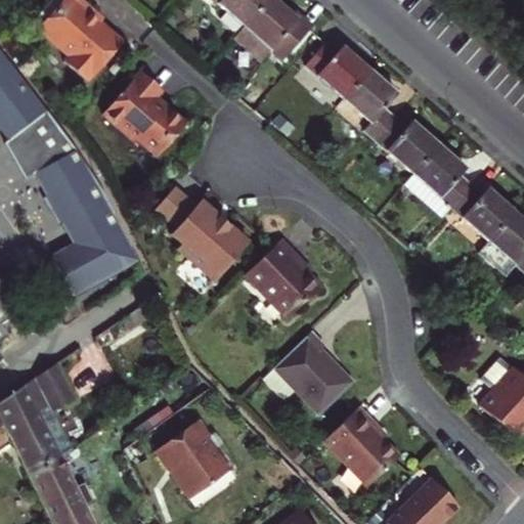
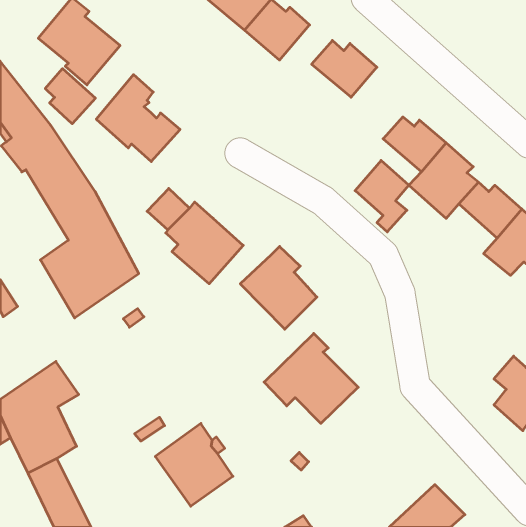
building: [350,67,403,137] -> [355,160,409,232]
building: none -> [45,69,95,124]
building: [322,405,402,488] -> none

